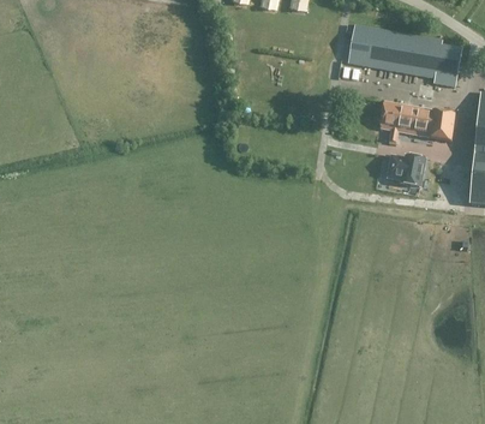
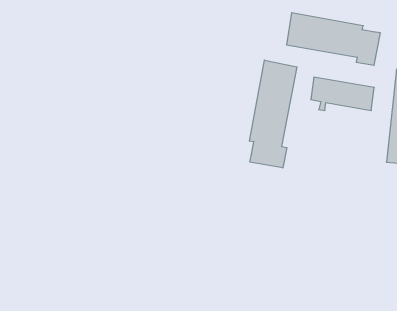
building: none -> [250,60,297,168]
building: [388,155,425,185] -> none

